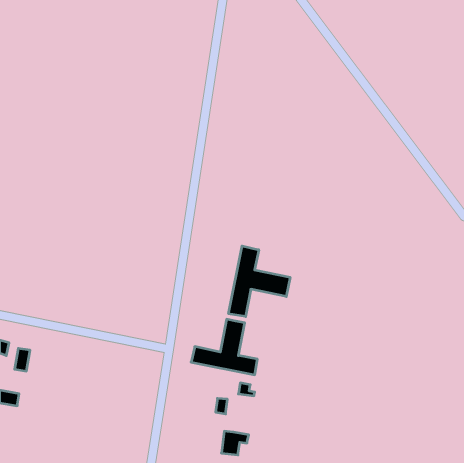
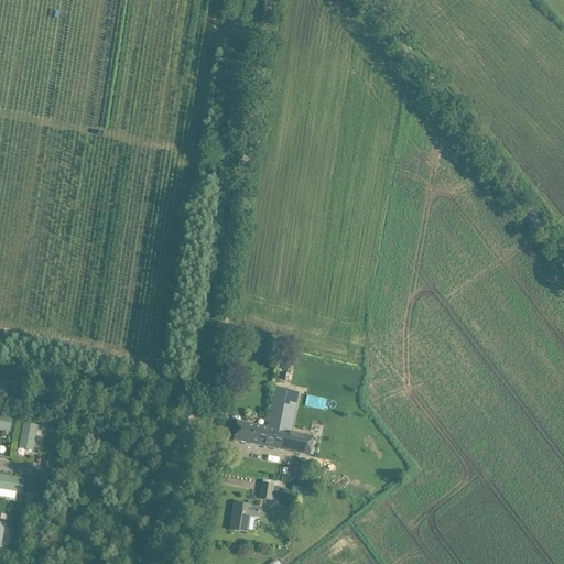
building: [229,246,290,317] -> none
building: [221,431,249,455] -> [229,502,262,531]

